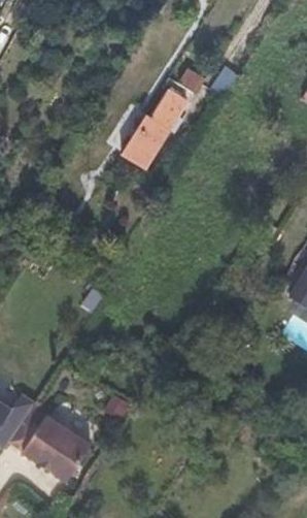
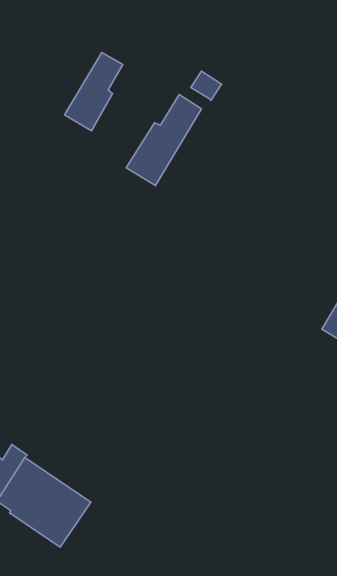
building: none -> [65,53,123,131]

